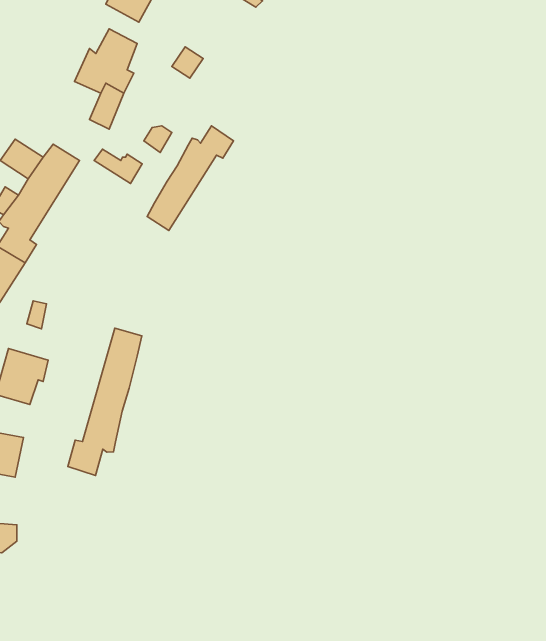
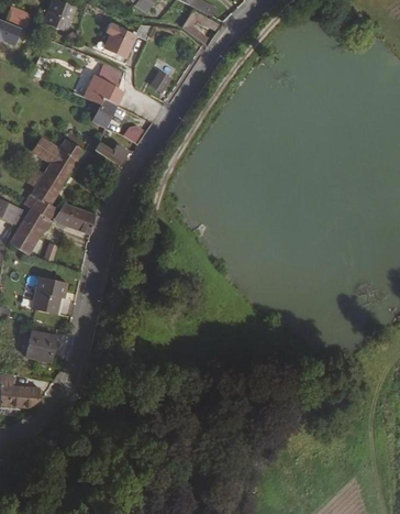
building: [147,126,234,230] -> none
building: none -> [52,203,96,234]
building: [68,328,142,475] -> none

